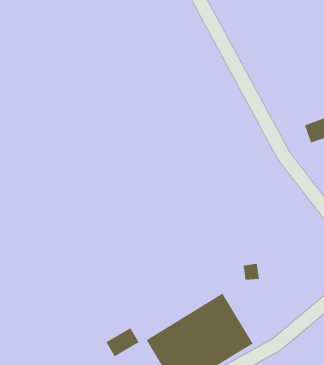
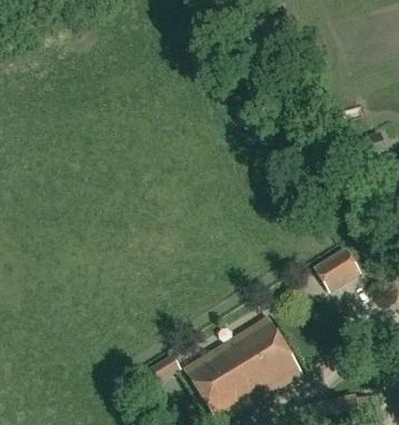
building: none -> [315,247,359,288]

